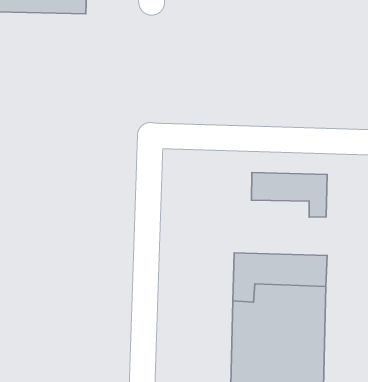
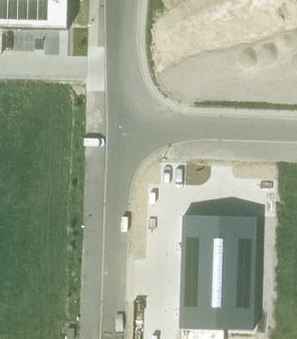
building: [252,173,327,217] -> none

